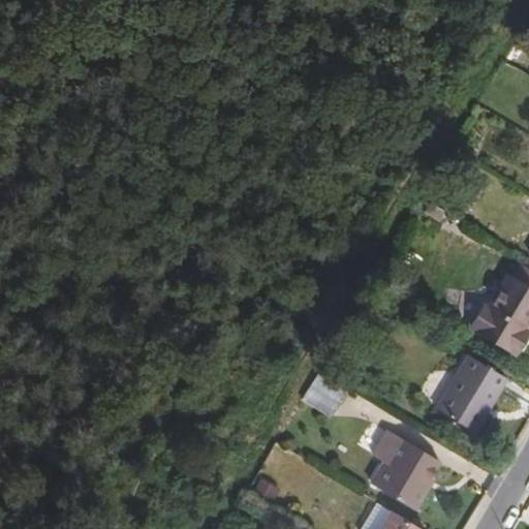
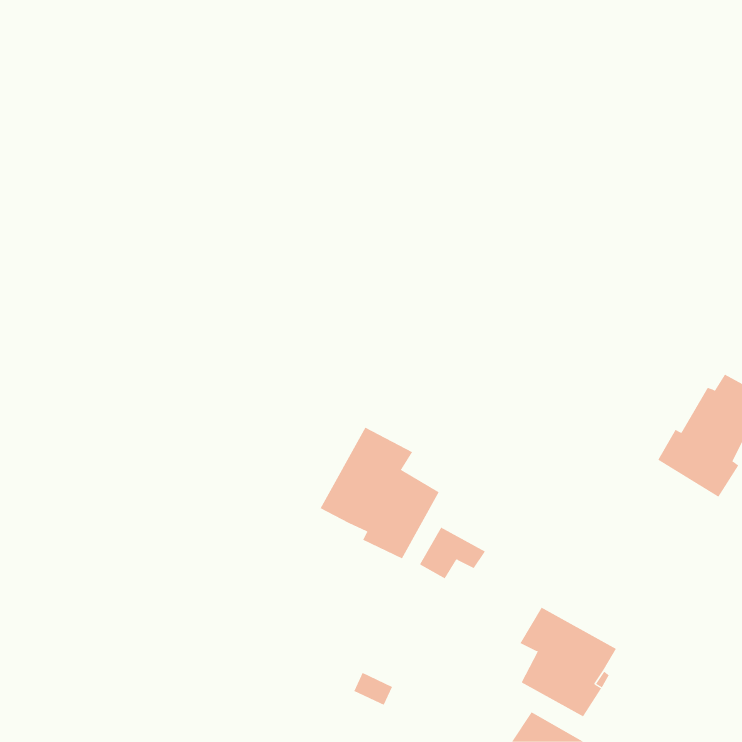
building: none -> [320,427,440,559]
building: [435,356,505,432] -> none

